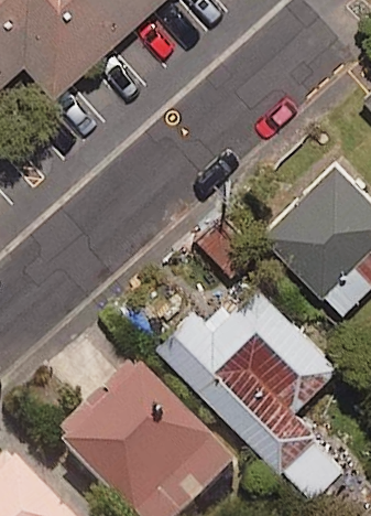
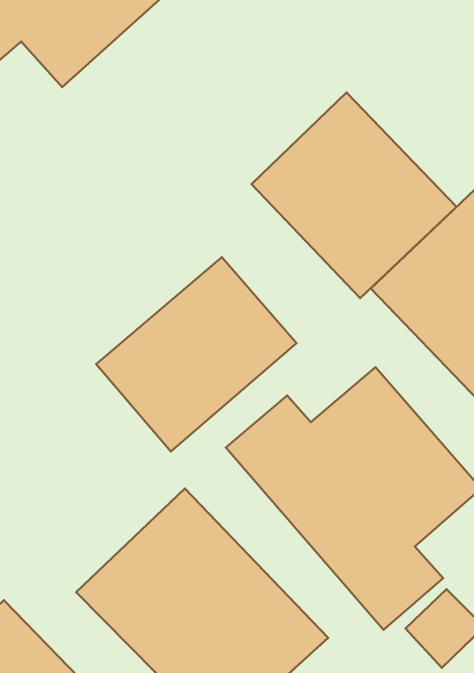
building: none -> [252,92,456,298]
building: none -> [96,257,297,451]

